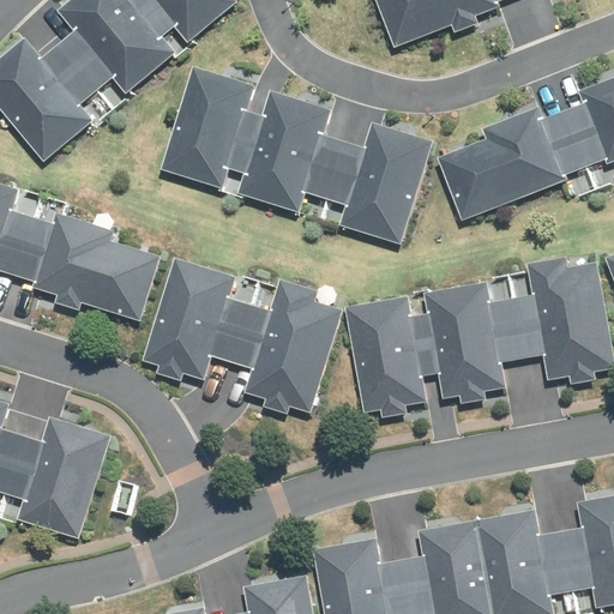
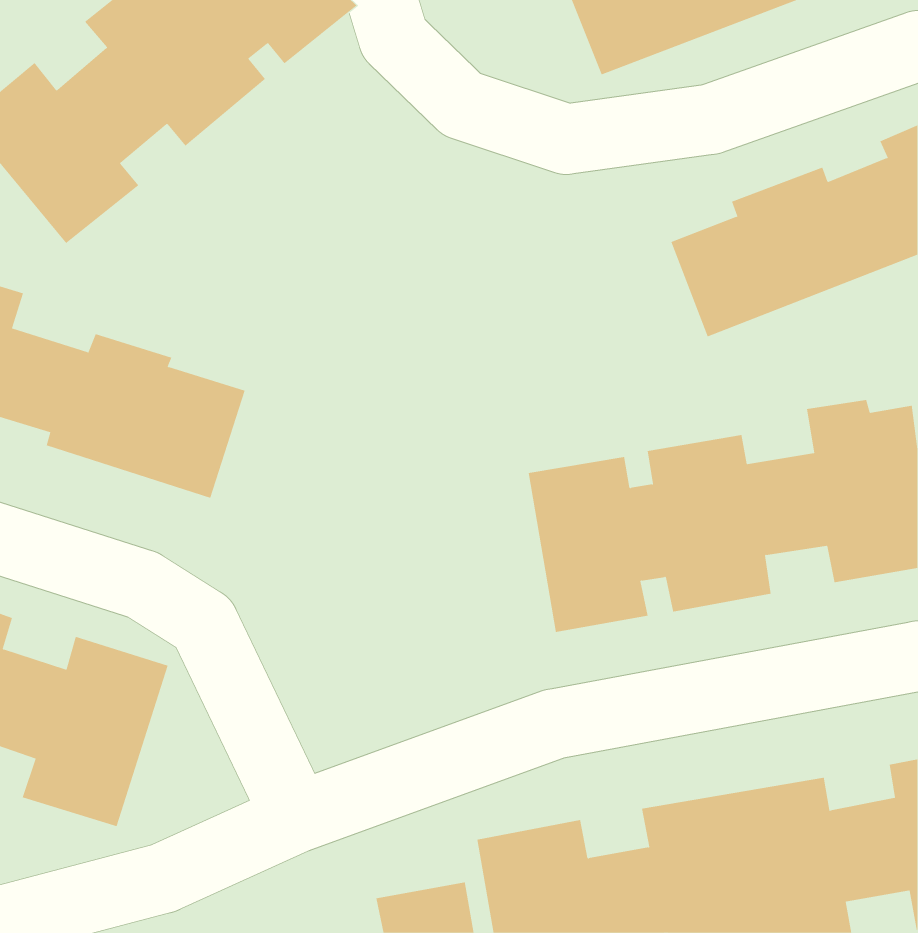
building: [161,70,437,243] -> none
building: [143,260,342,416] -> none

